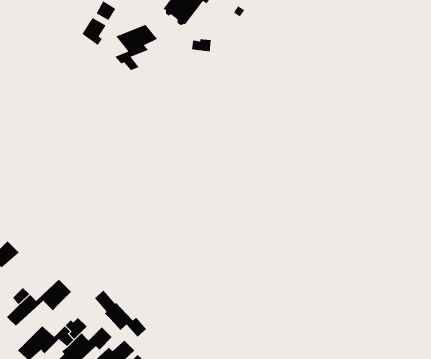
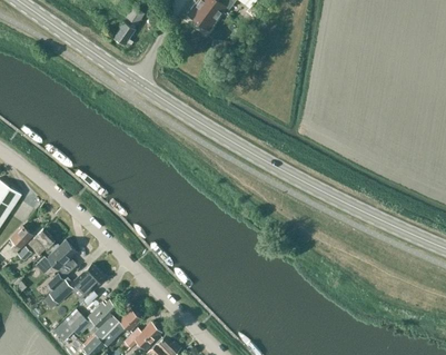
building: [115,24,158,71] -> none
building: none -> [46,239,77,276]
building: [94,290,147,337] -> none

